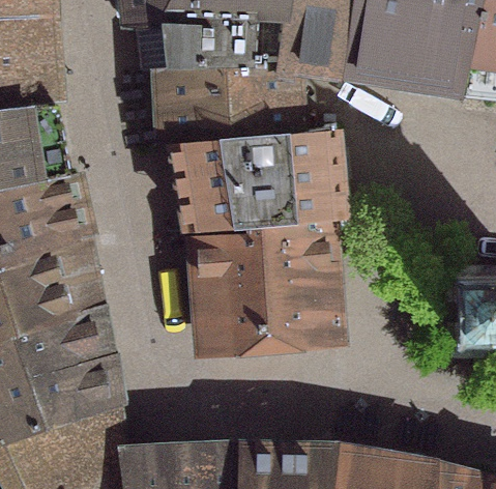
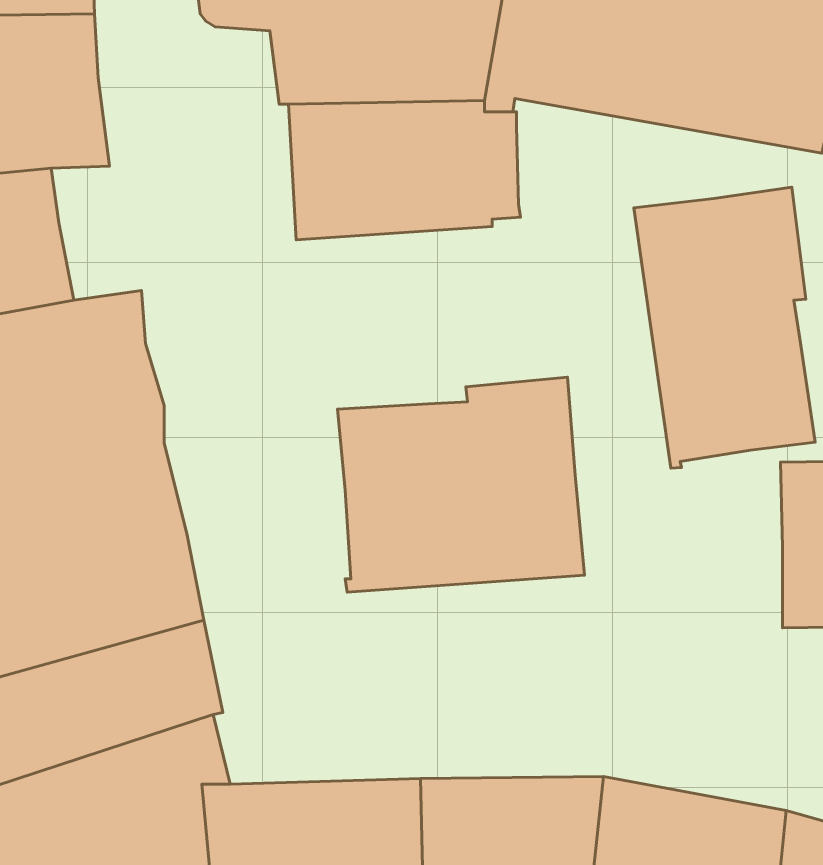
building: none -> [634,187,815,468]
building: [169,123,341,237] -> none

